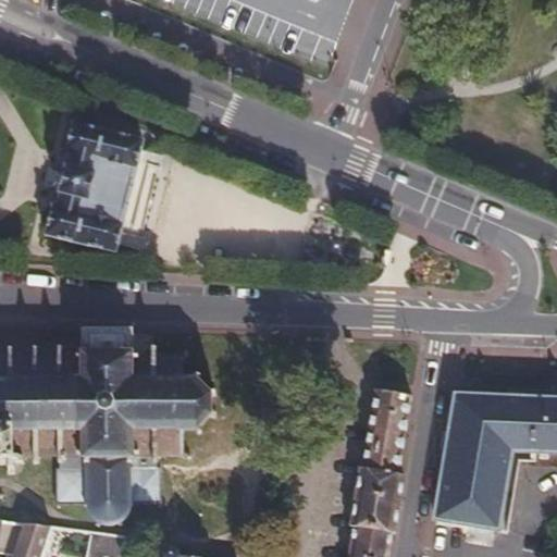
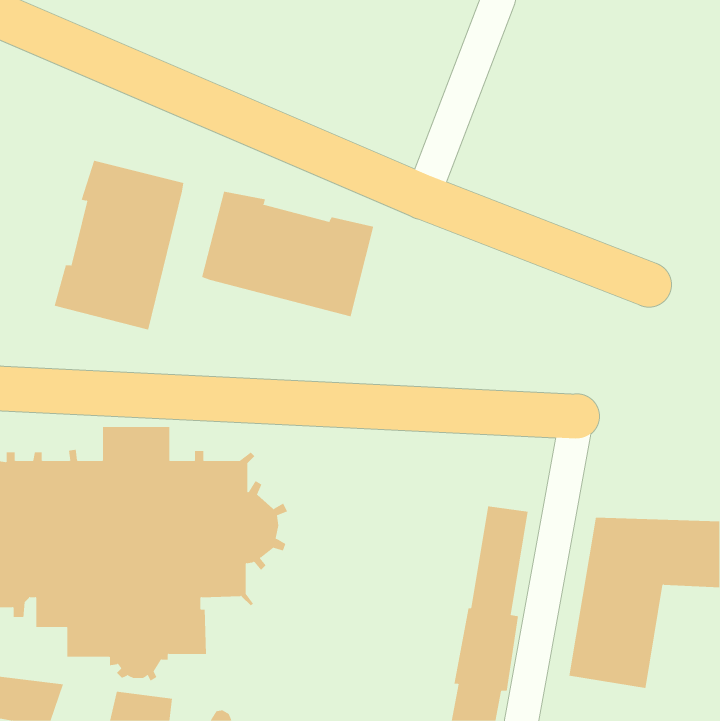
building: none -> [201,191,374,317]

